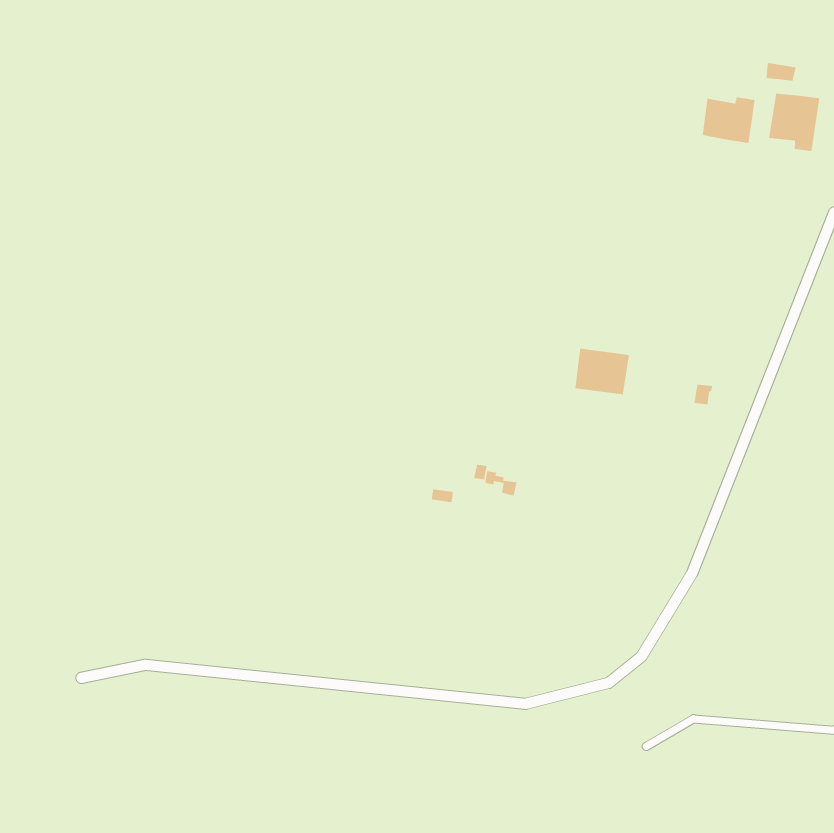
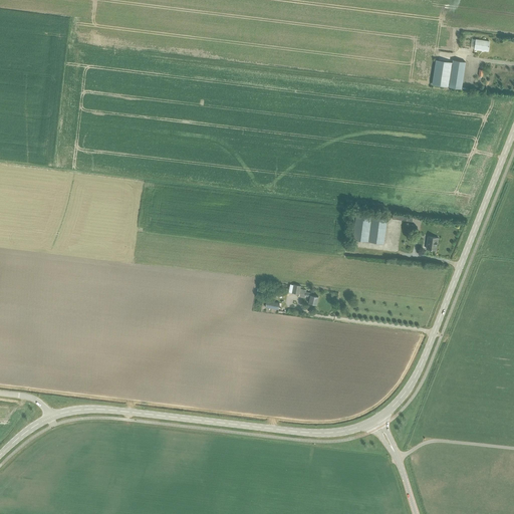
building: [768,93,820,152] -> none

